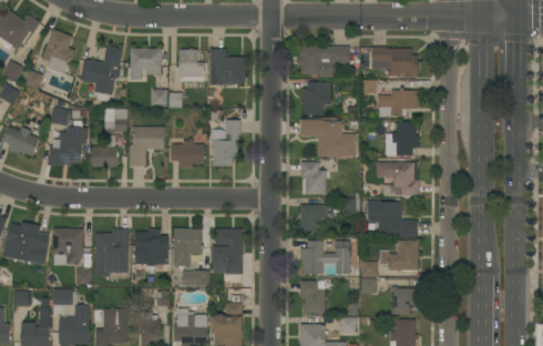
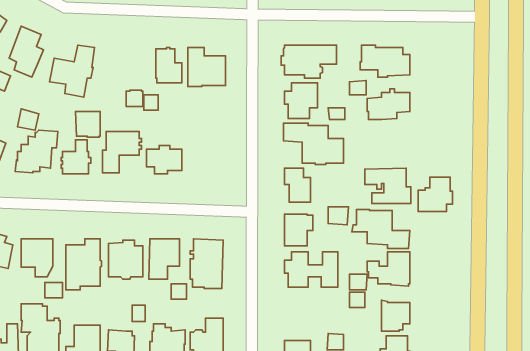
building: [130,49,162,80] -> none
building: [211,121,240,166] -> none
building: [386,123,418,155] -> [418,177,452,211]
building: [300,281,325,313] -> none

